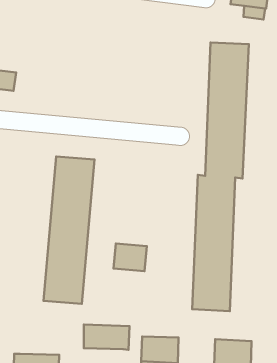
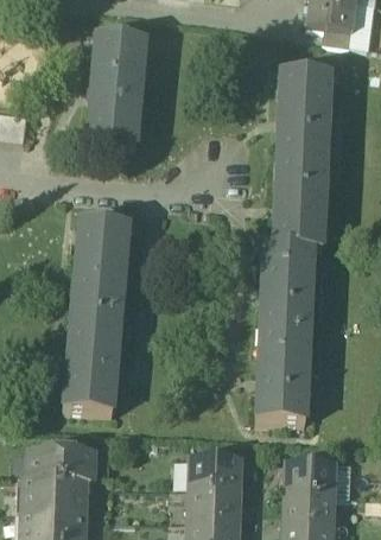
building: none -> [87,38,145,148]
building: [113,244,147,271] -> none
building: [84,324,129,350] -> [32,449,91,482]

